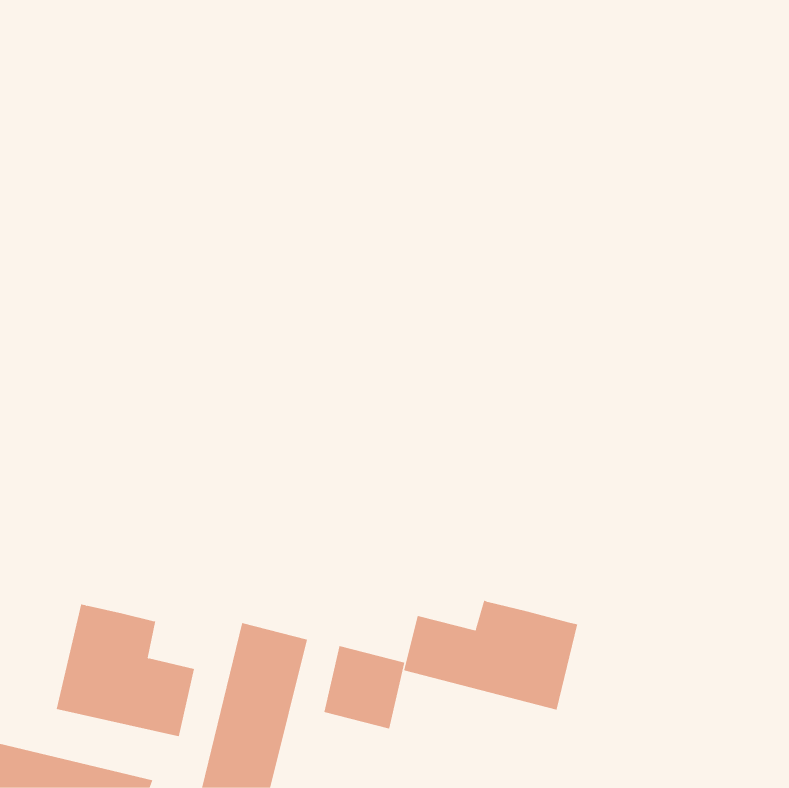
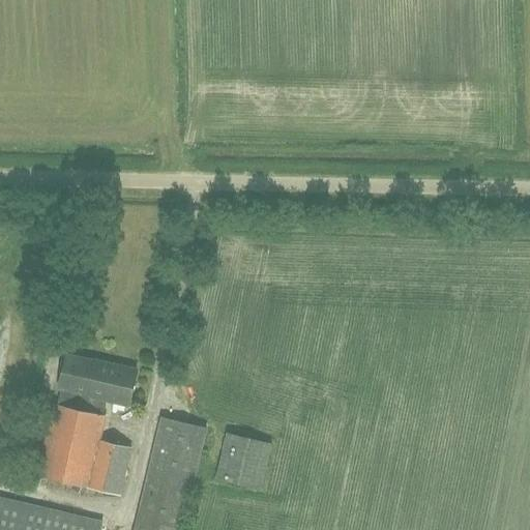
building: none -> [57,354,136,415]
building: [403,600,578,710] -> none

